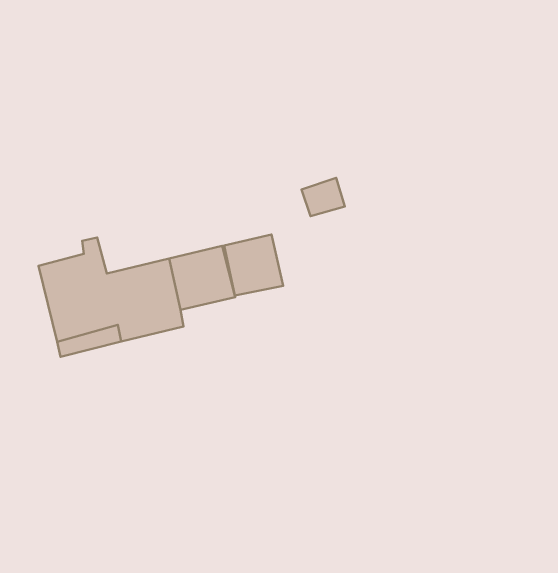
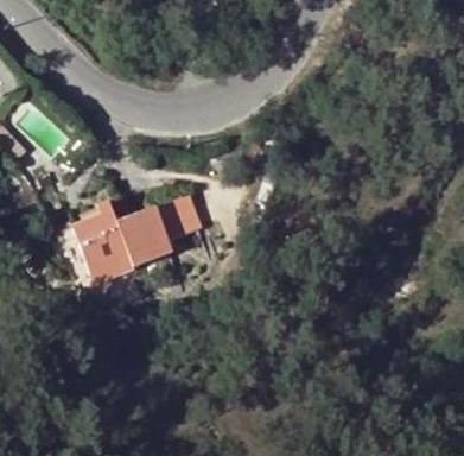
building: [224,234,283,296] -> none

